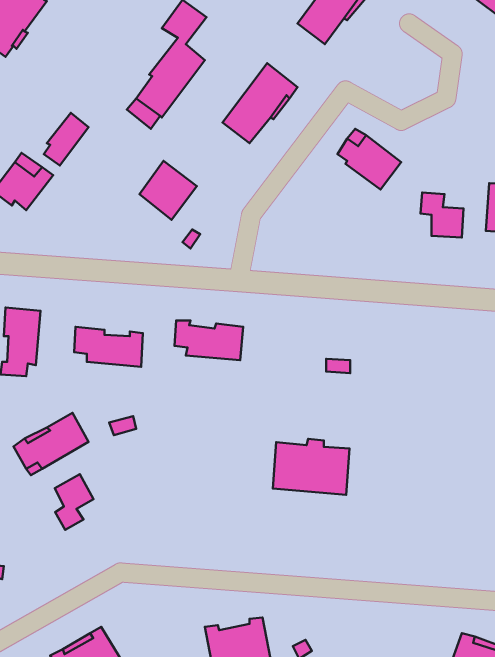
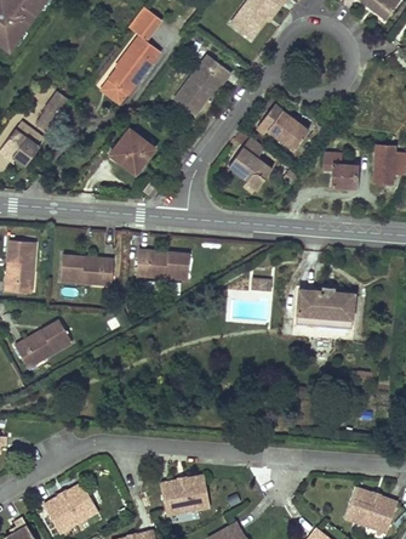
building: none -> [228,137,271,188]
building: [273,439,350,495] -> [296,286,354,329]
building: [55,474,93,530] -> none

